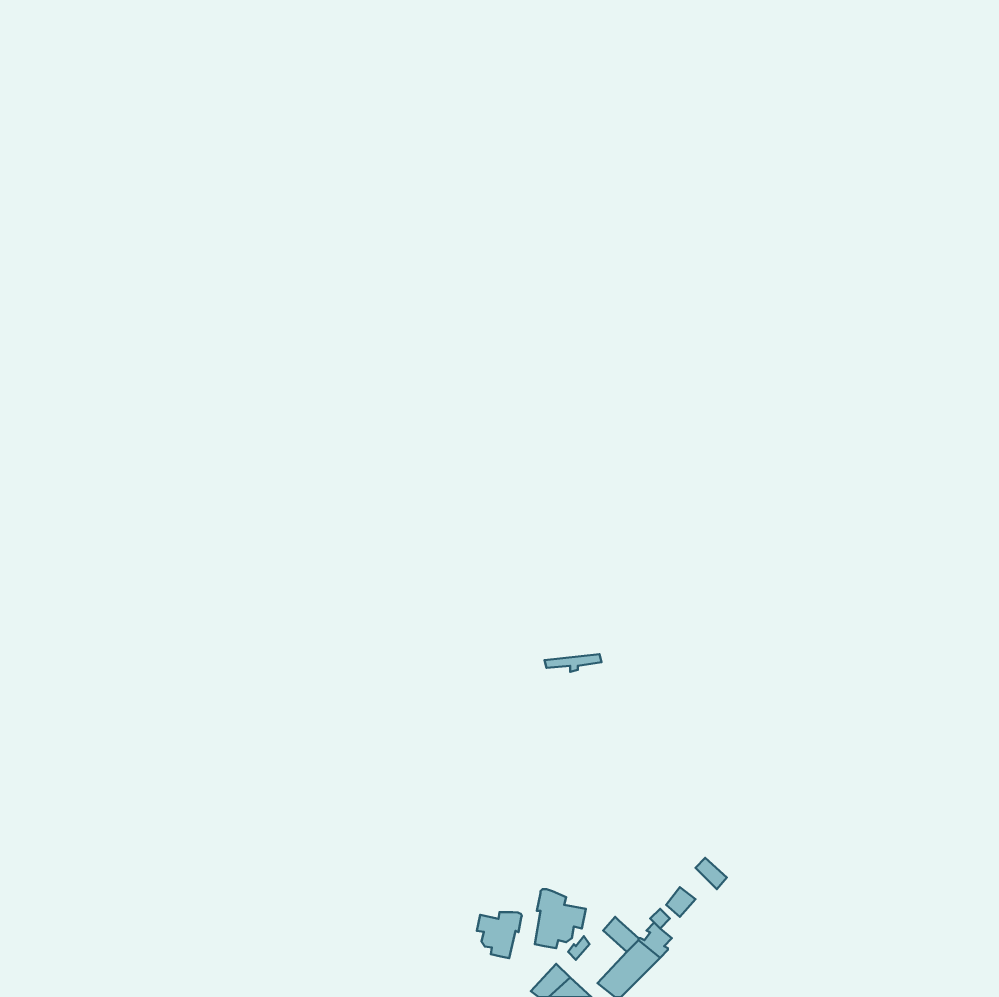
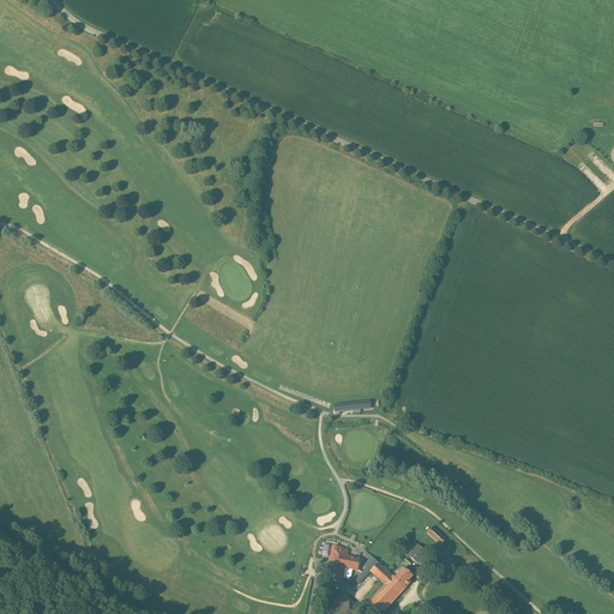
building: [477,912,522,958] -> none

